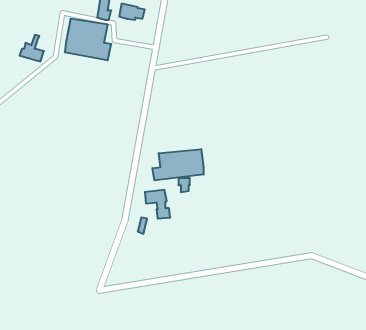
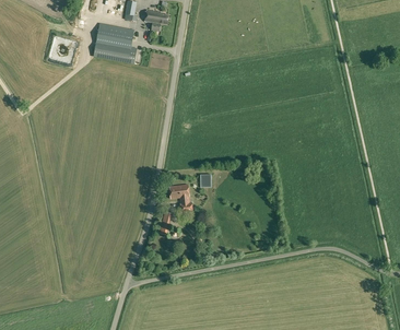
building: [152,149,204,180] -> none

